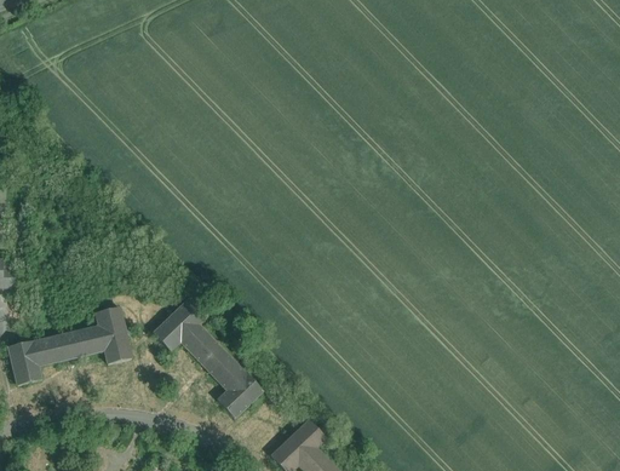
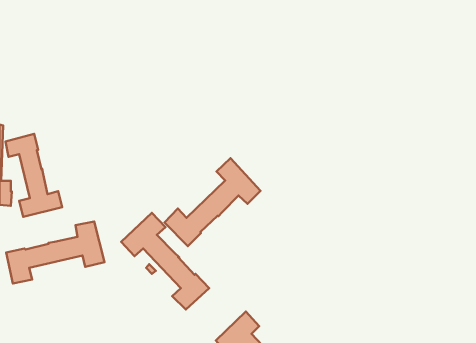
building: none -> [5,134,62,217]
building: none -> [164,158,261,246]

